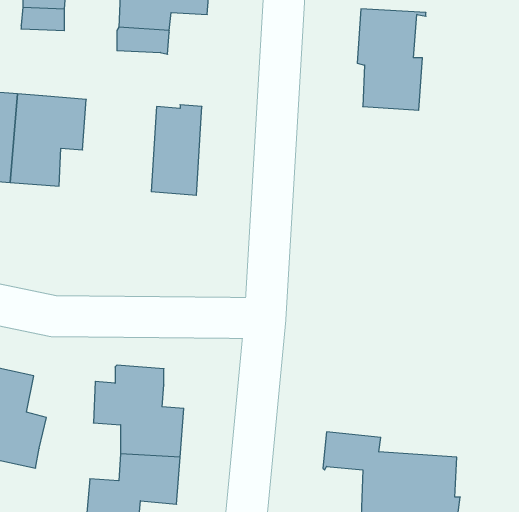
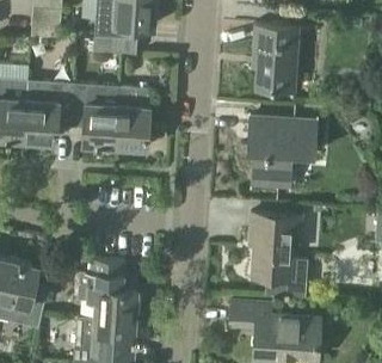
building: none -> [72,84,121,144]
building: none -> [241,117,318,189]
building: none -> [248,214,308,297]

